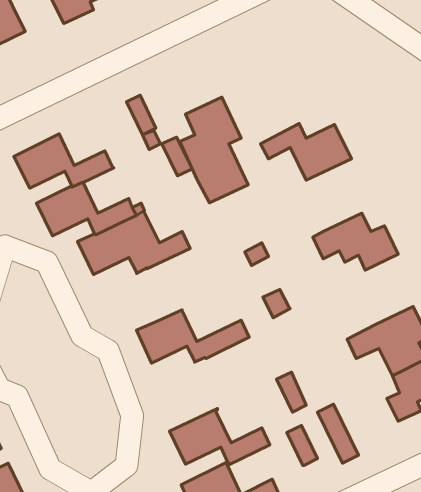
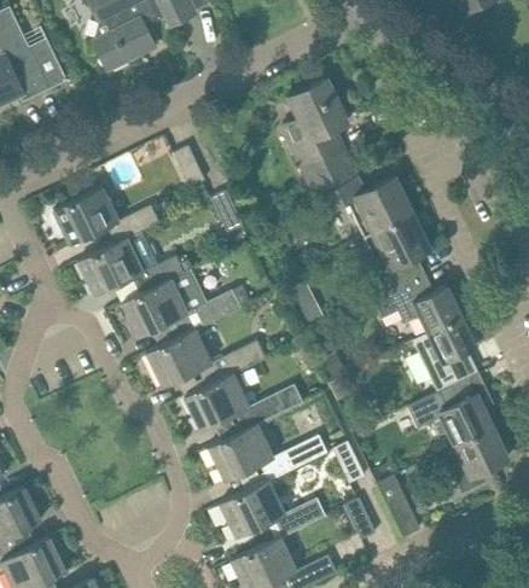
building: [180,97,248,203] -> [283,78,355,191]
building: none -> [365,214,430,291]
building: none -> [414,315,478,390]
building: none -> [147,330,267,388]
building: none -> [209,425,329,483]

